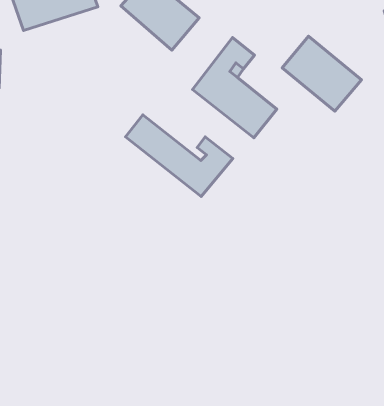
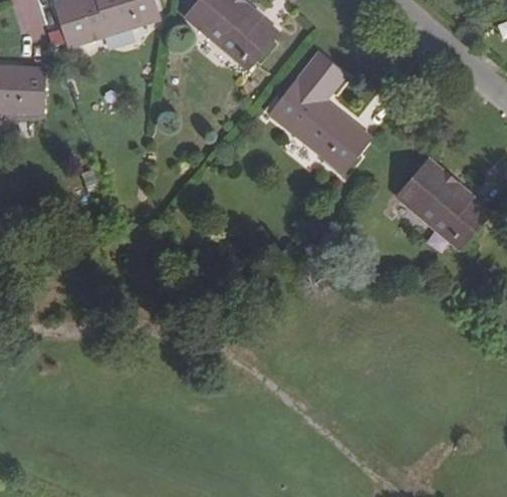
building: [282,36,361,111] -> [397,160,490,248]
building: [125,115,233,197] -> none

